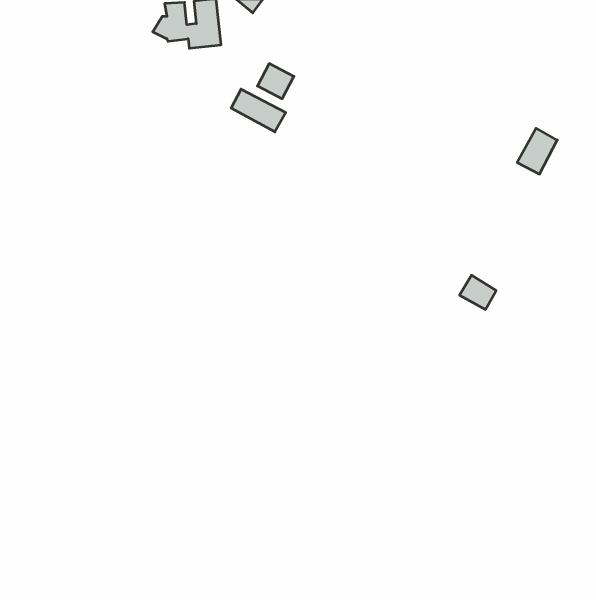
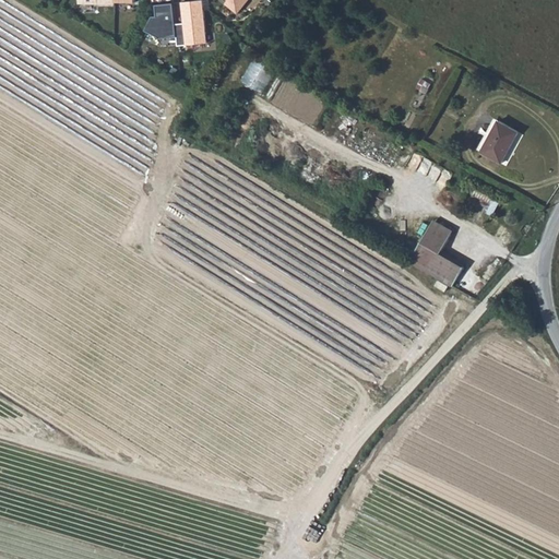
building: [231,89,286,132] -> none
building: none -> [409,226,449,274]

